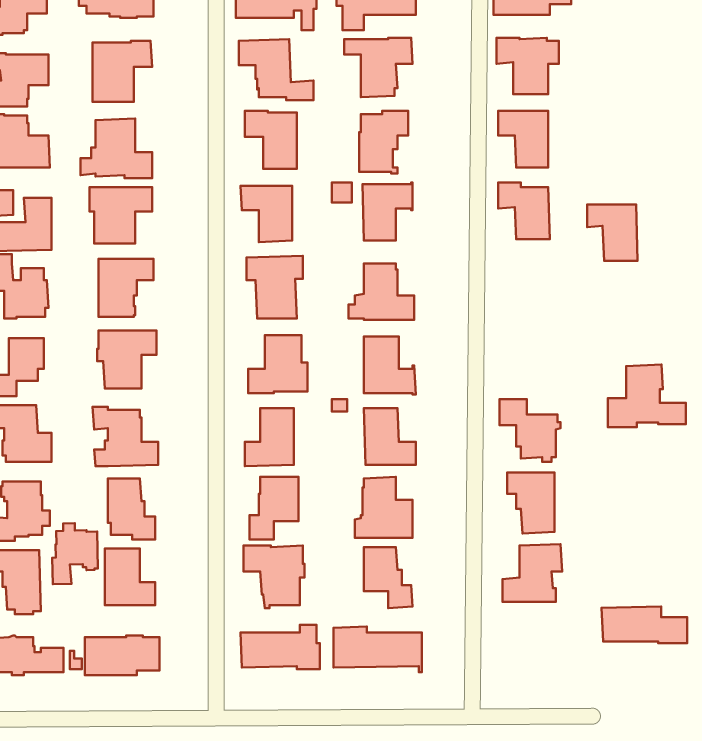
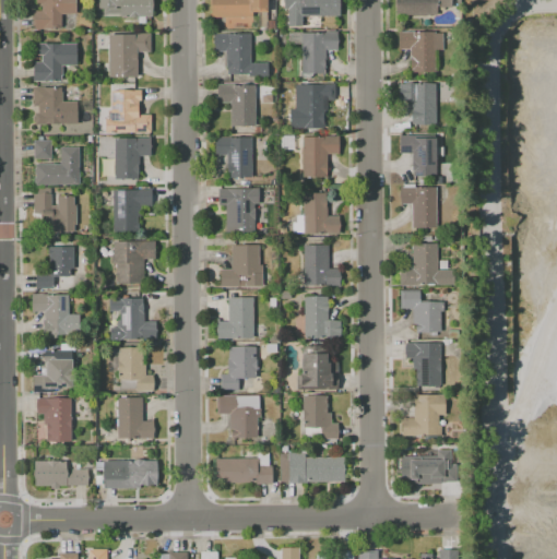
building: [587,204,638,261] -> [401,188,437,228]
building: [608,365,686,427] -> [400,242,455,287]
building: [52,523,98,584] -> none
building: [602,606,687,643] -> [400,456,461,483]

